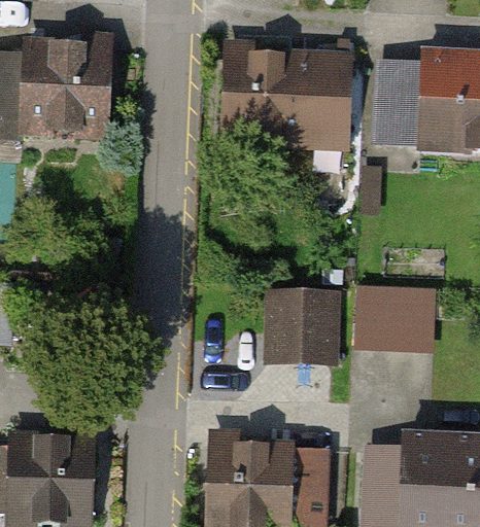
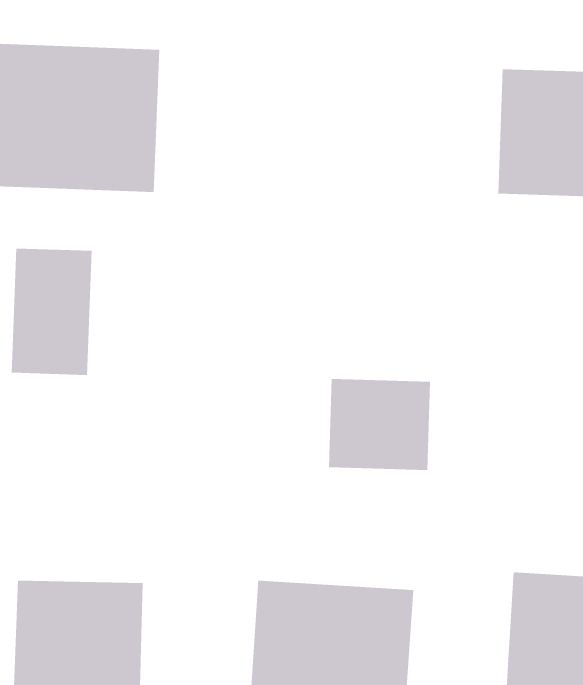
building: [214,46,347,139] -> none
building: none -> [11,248,92,376]
building: [357,273,437,340] -> none

